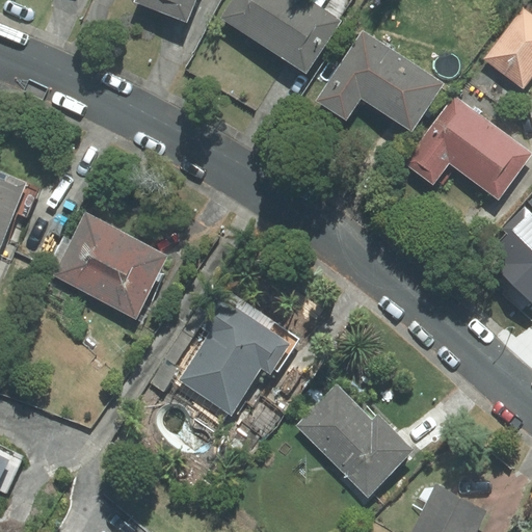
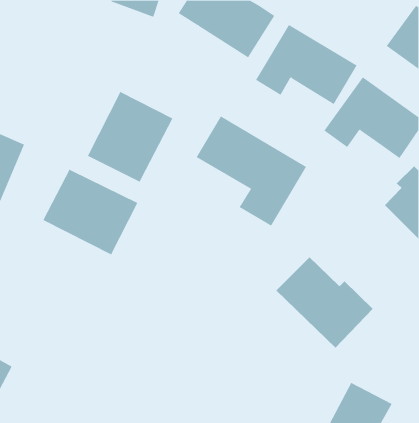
building: none -> [87,91,173,182]
building: none -> [196,115,307,226]
building: [179,293,294,414] -> none
building: [294,381,417,497] -> [276,256,374,349]

